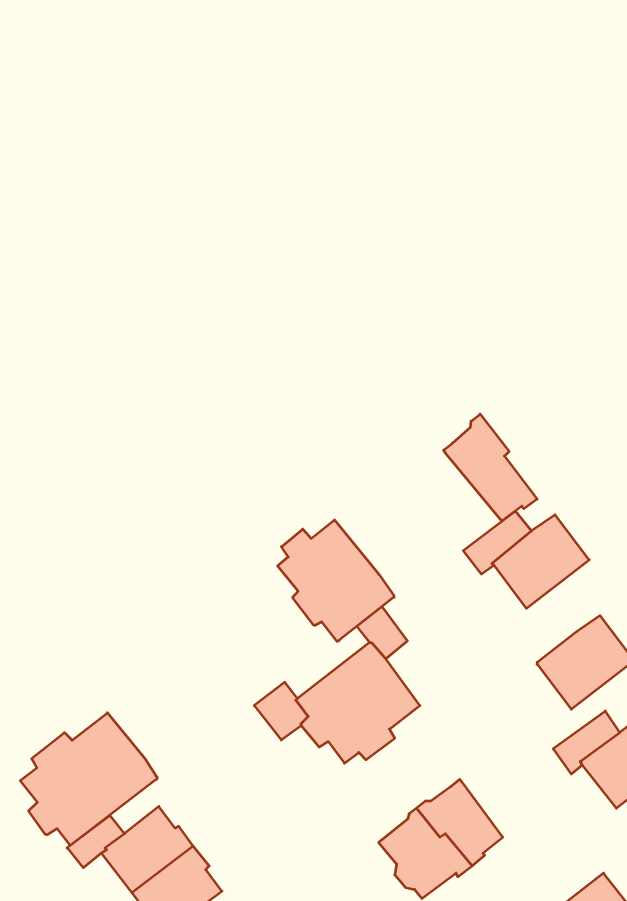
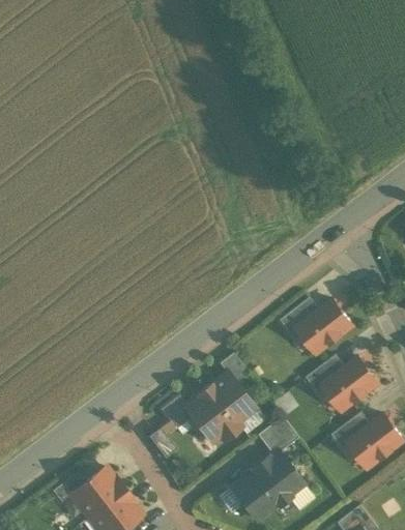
building: [444,414,537,521] -> none
building: [278,520,394,641] -> none
building: none -> [306,356,345,392]
building: [20,713,157,845] -> none
building: none -> [257,418,298,458]

